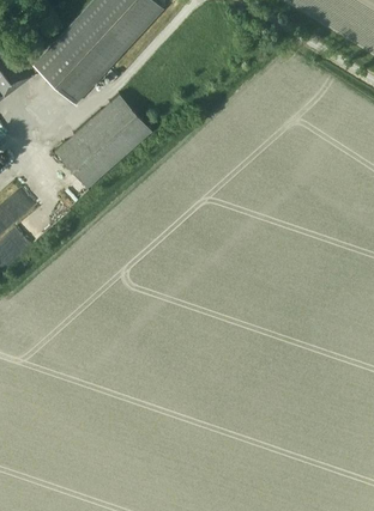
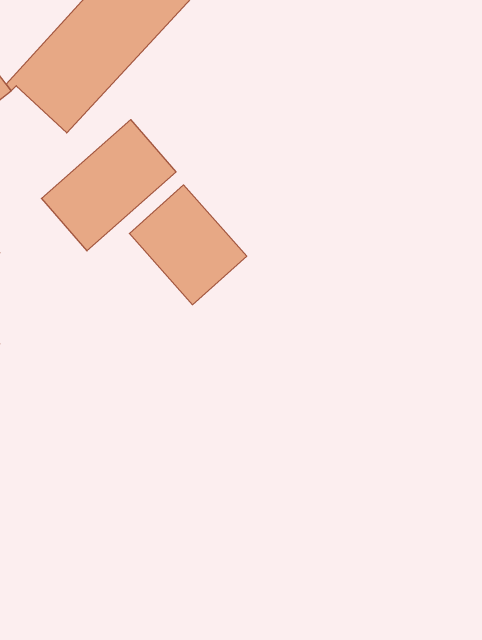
building: none -> [129,185,247,305]

